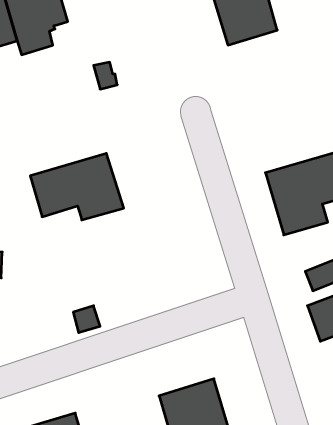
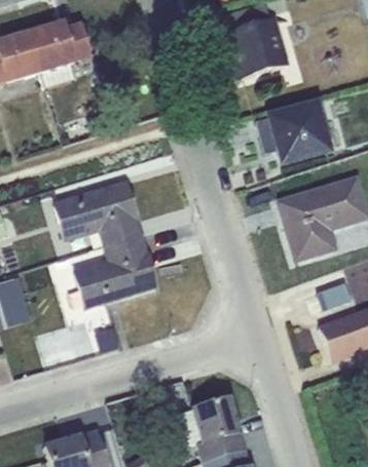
building: none -> [255,99,331,161]
building: none -> [73,234,157,308]

